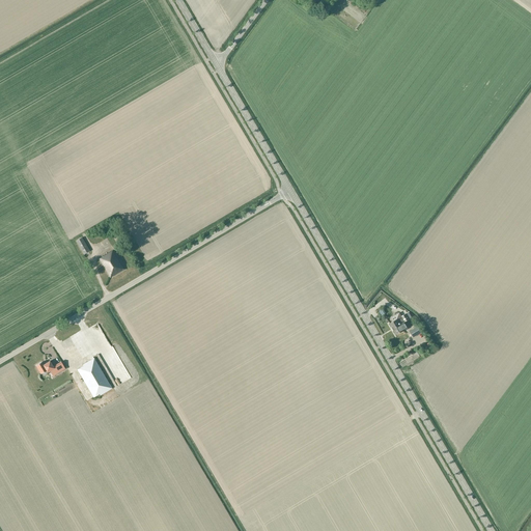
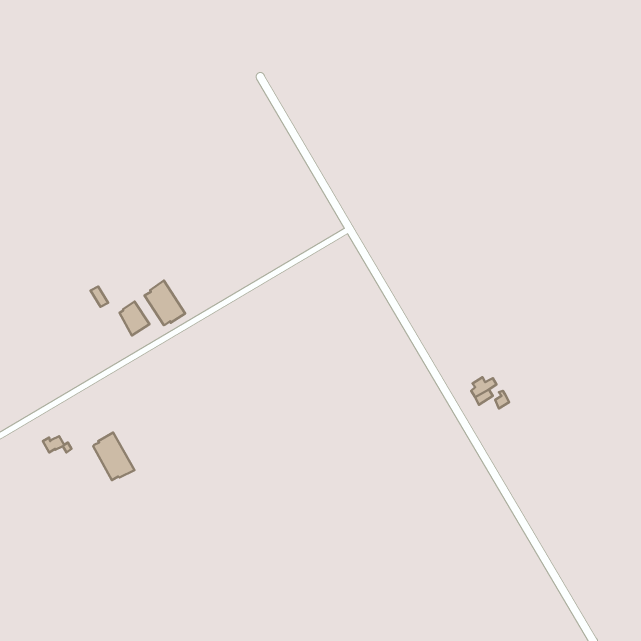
building: none -> [144,280,185,325]

